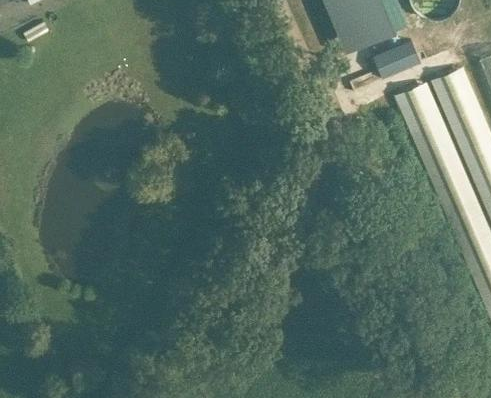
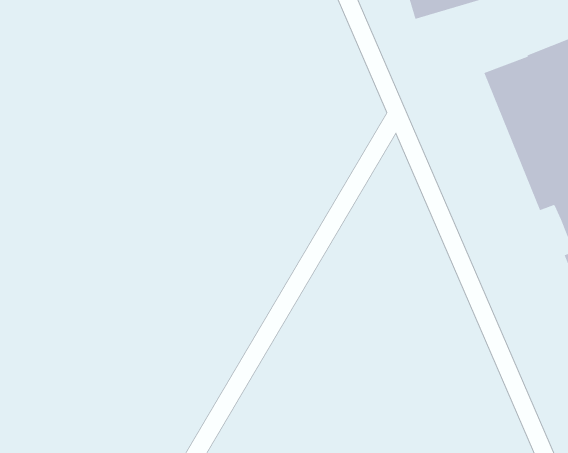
building: [374,41,422,80] -> none

